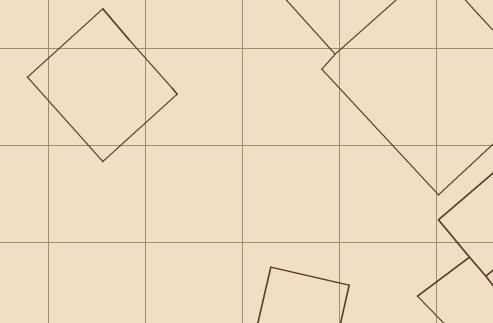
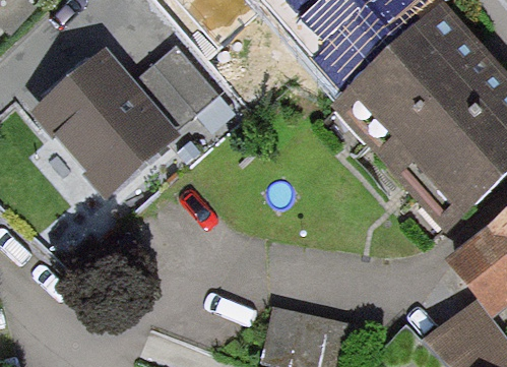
building: none -> [135,42,219,126]

